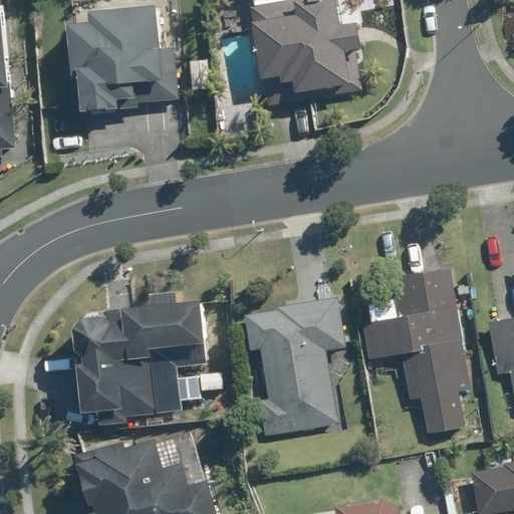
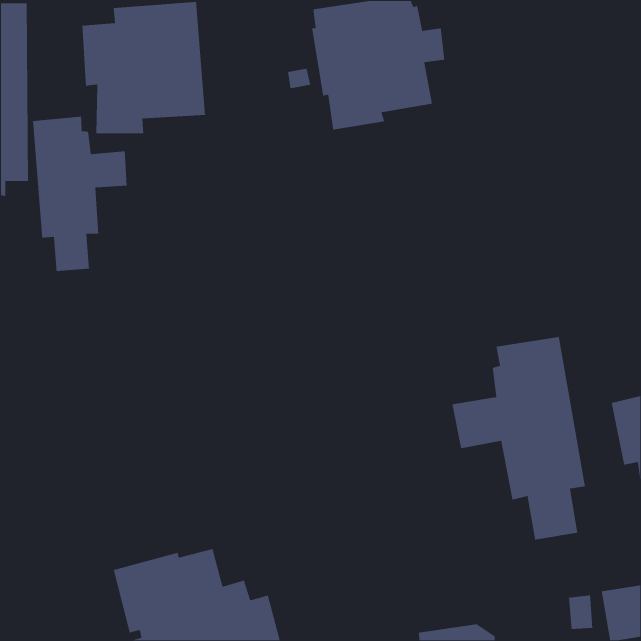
building: none -> [32,116,128,272]
building: [244,298,344,437] -> none
building: [92,303,227,424] -> none

